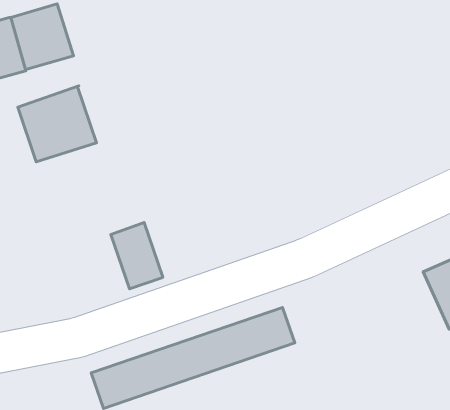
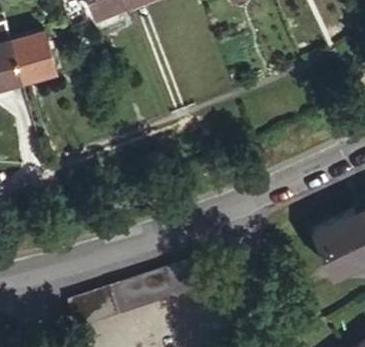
building: [18,86,97,162] -> none
building: [111,223,163,289] -> none

